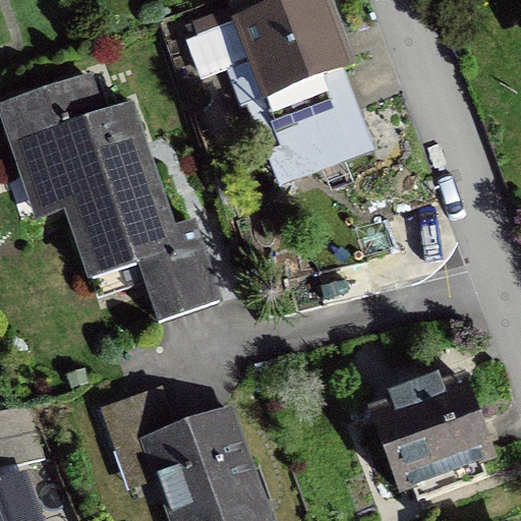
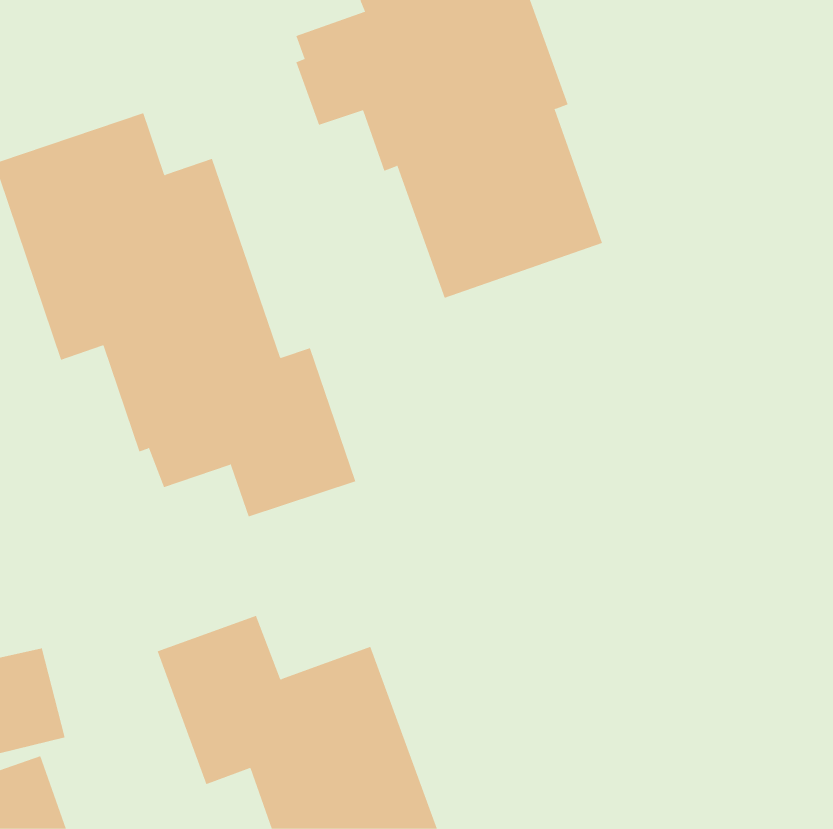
building: [364,372,497,503] -> none

